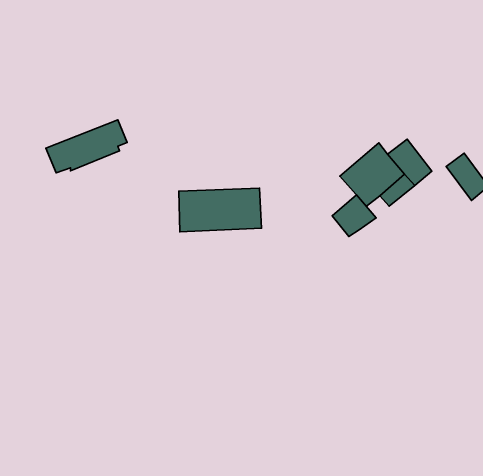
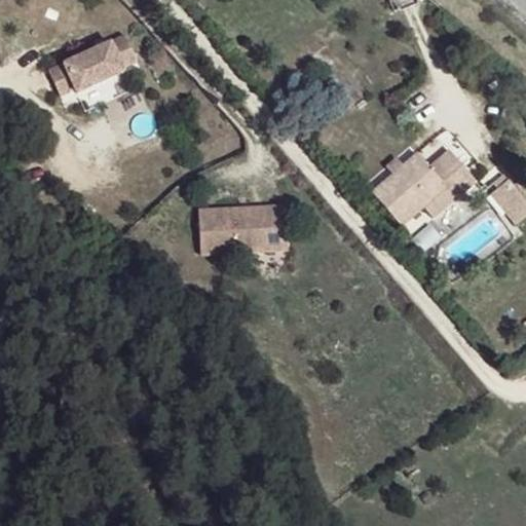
building: [46,120,127,173] -> [53,33,142,90]
building: [332,195,376,236] -> none

